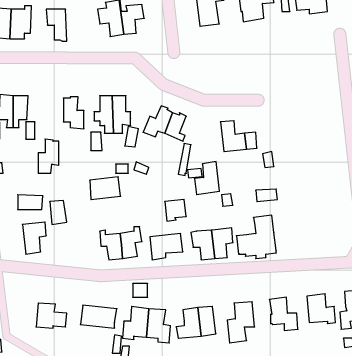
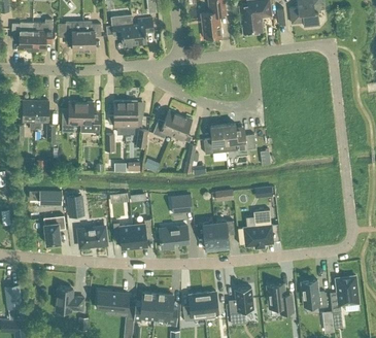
building: none -> [82,21,101,50]
building: [38,139,59,173] -> [62,100,80,131]
building: [194,162,219,195] -> [203,124,226,154]
building: [90,177,121,200] -> [78,225,106,245]

